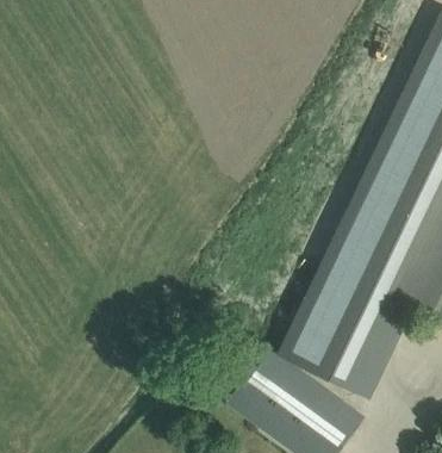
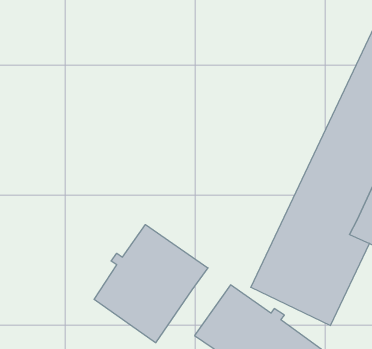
building: none -> [94,225,208,343]

